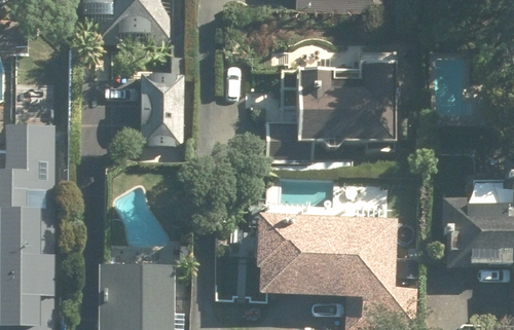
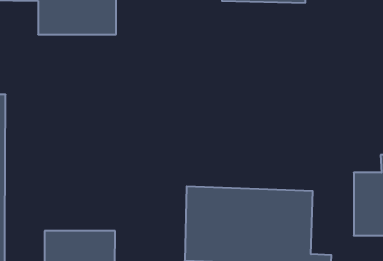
building: [263,49,396,159] -> none
building: [139,70,184,149] -> none

